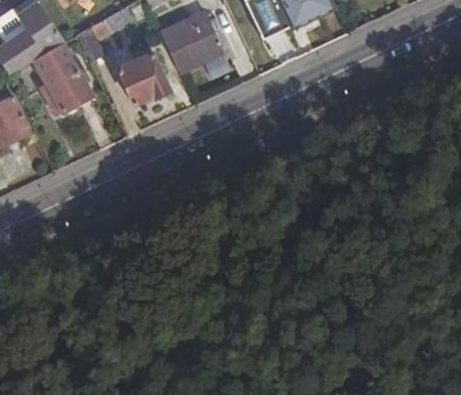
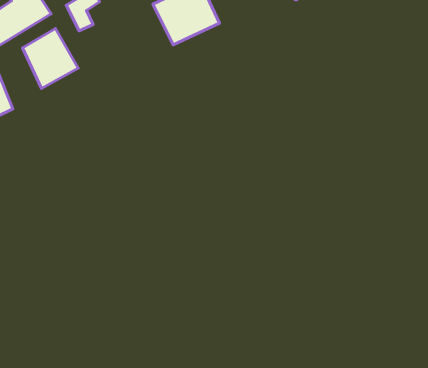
building: [117,53,167,104] -> none

